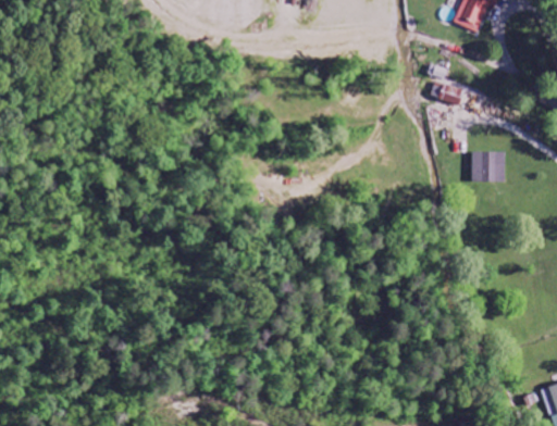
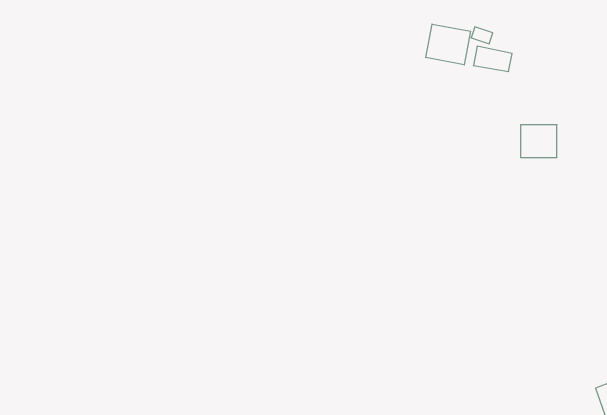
building: none -> [426,24,471,65]

